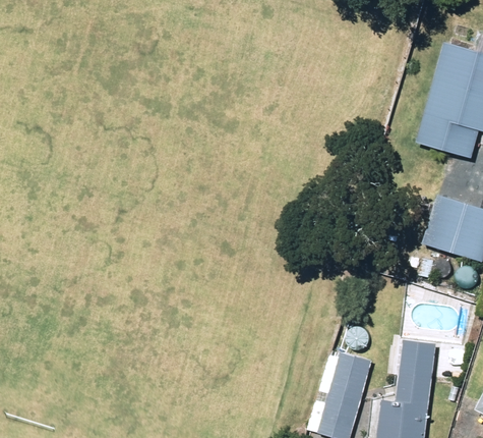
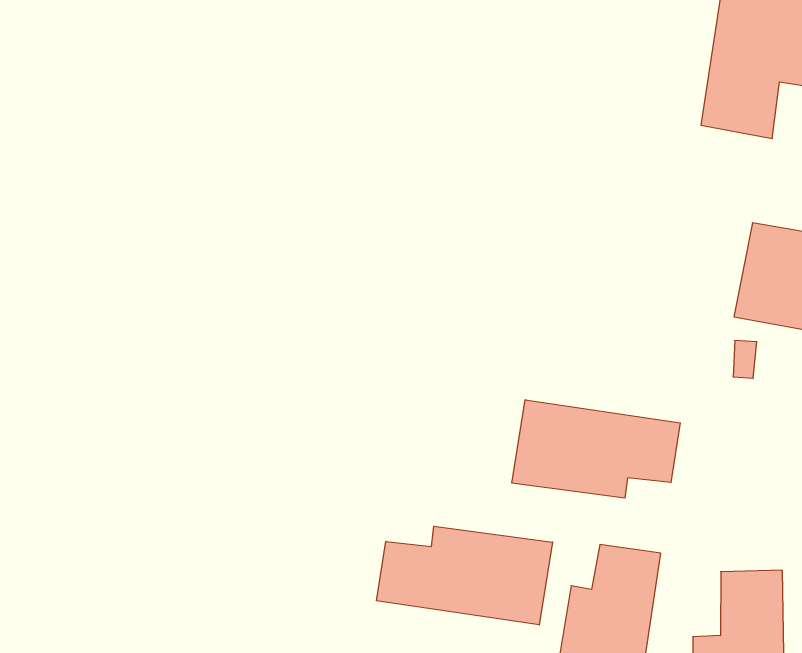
building: none -> [512,400,680,498]
building: none -> [377,526,553,625]

